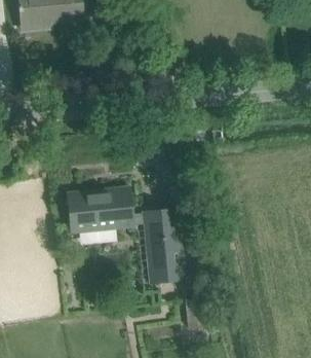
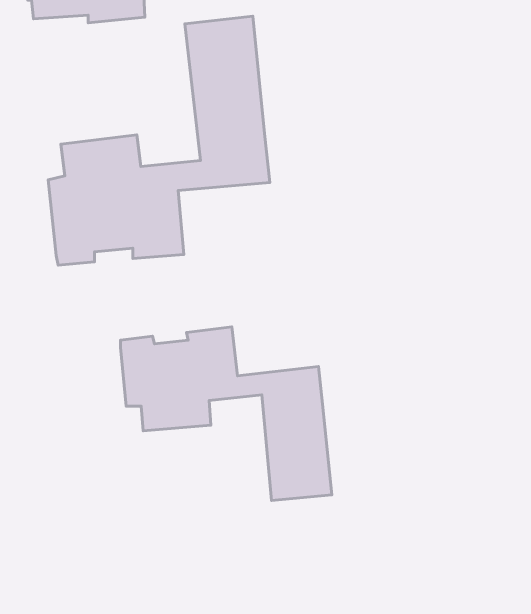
building: none -> [48,16,270,265]

